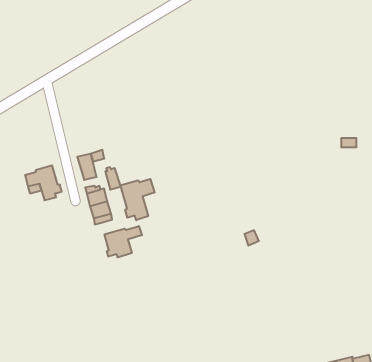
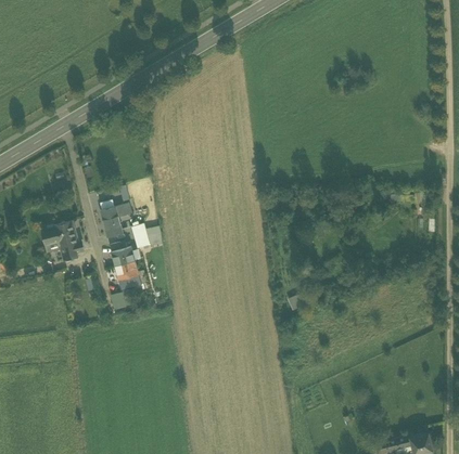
building: [121,179,155,220] -> none
building: [105,226,142,257] -> none

